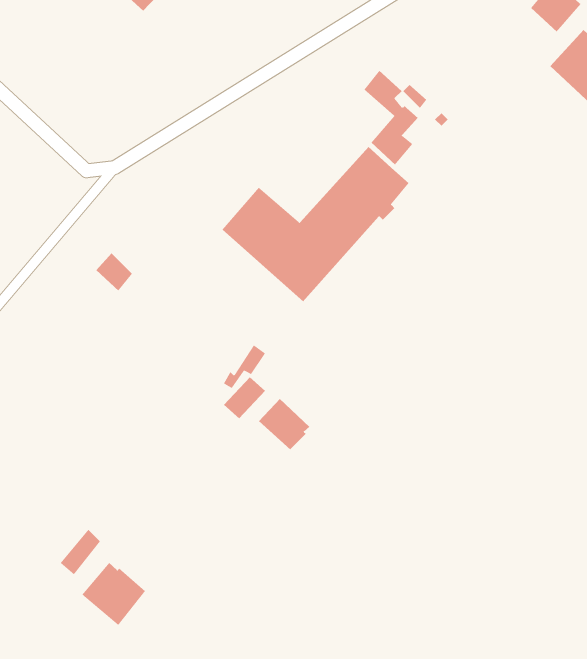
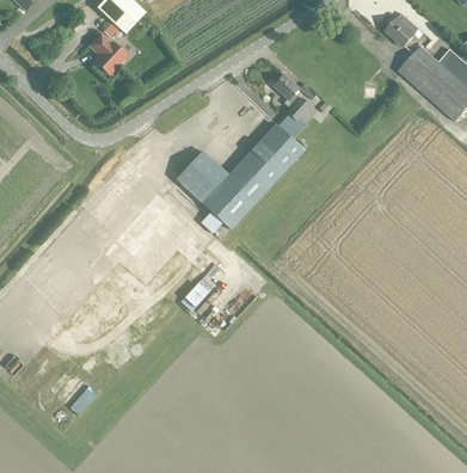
building: none -> [86,31,123,72]
building: [258,398,310,450] -> none
building: [81,562,146,626] -> none

